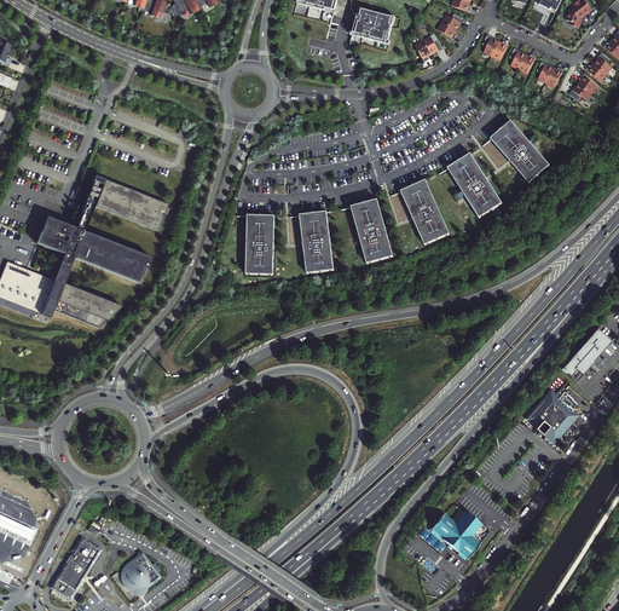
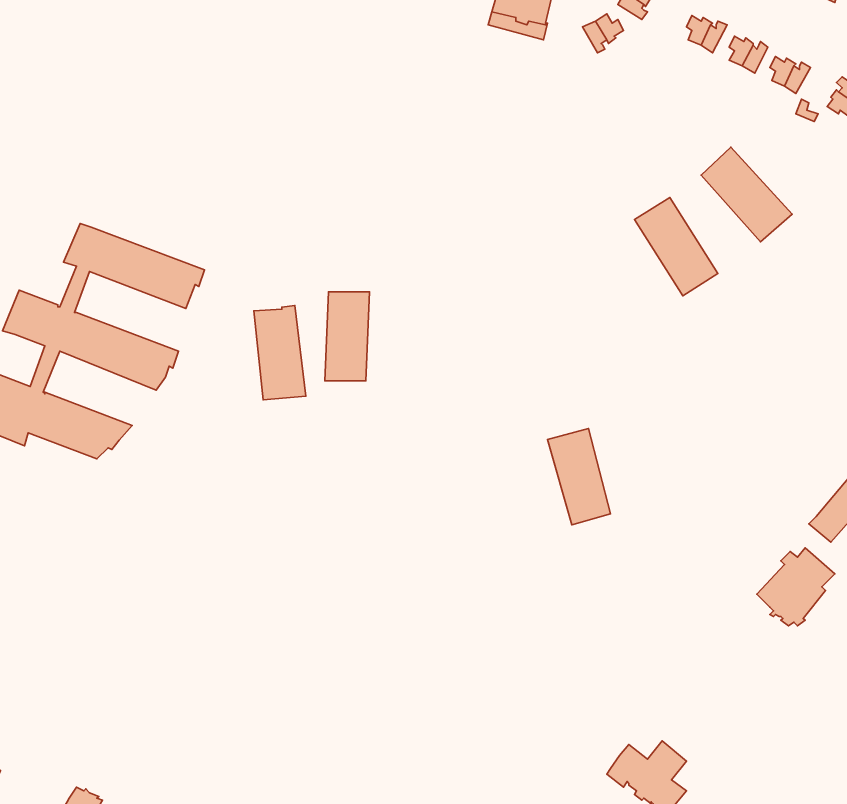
building: [399,179,447,244] -> none
building: [349,200,391,263] -> [548,428,611,525]
building: [299,211,332,272] -> [254,305,306,400]

